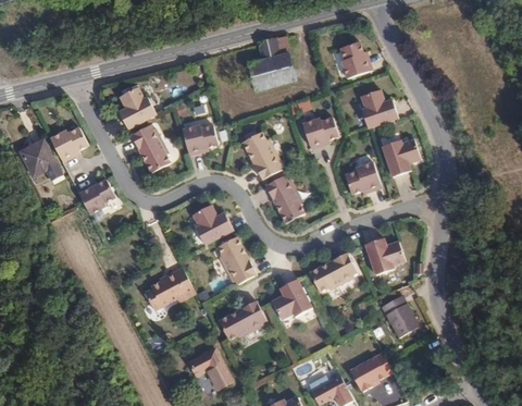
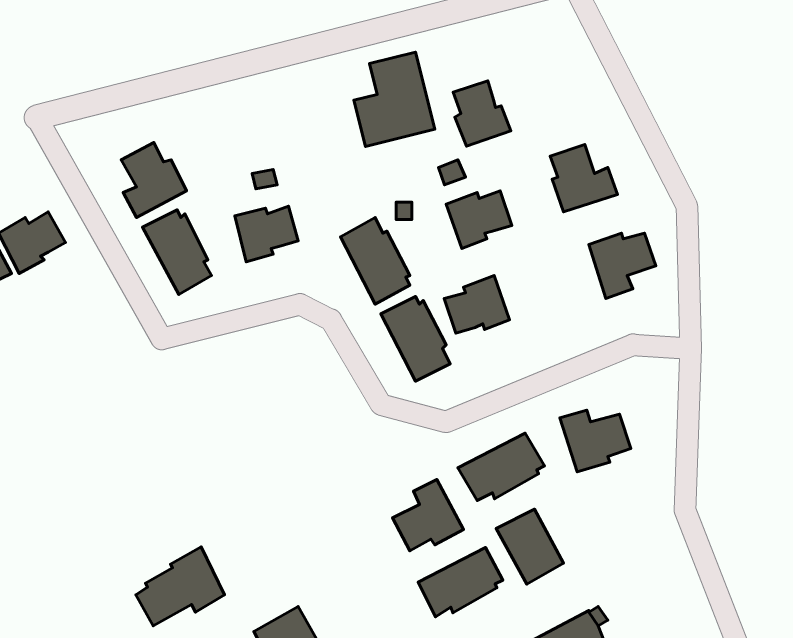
building: [339,40,372,77] -> [453,81,511,146]
building: [345,161,382,194] -> [444,276,510,333]
building: [76,179,114,214] -> none
building: [192,204,234,244] -> none
building: [217,236,257,283] -> none
building: [144,262,194,307] -> [136,547,224,626]
building: [382,295,420,337] -> [496,509,563,584]
building: [219,300,266,340] -> [418,547,503,617]

